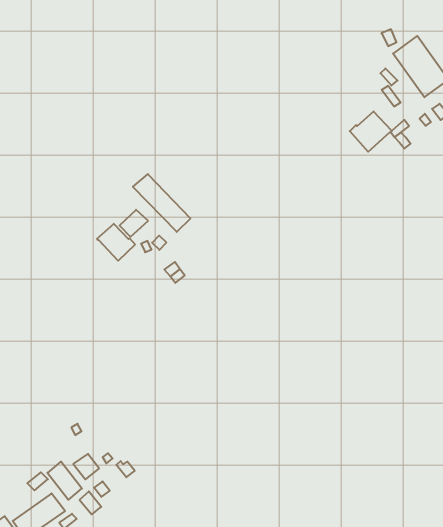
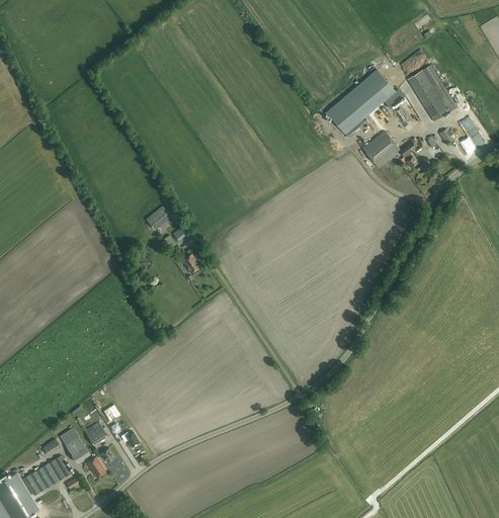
building: none -> [326,70,396,140]
building: [133,174,190,232] -> none
building: [97,224,135,261] -> none

